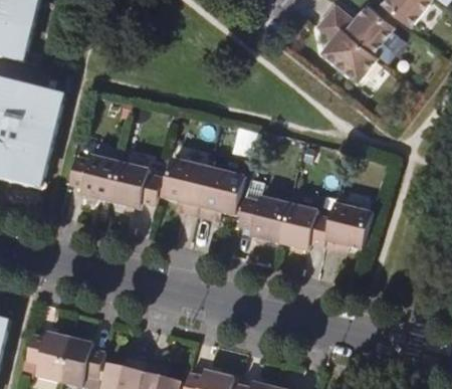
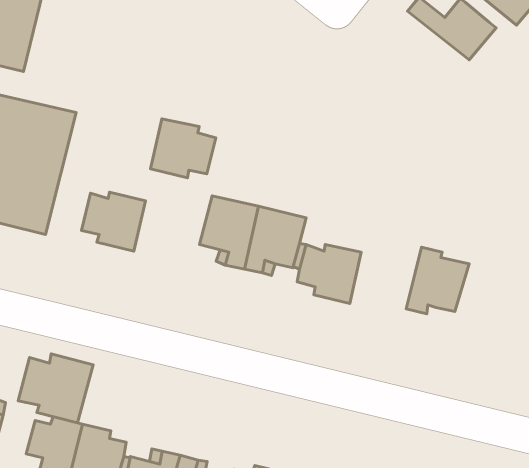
building: [315,14,377,81] -> none
building: [110,163,162,209] -> [150,119,216,178]
building: [279,203,330,250] -> none
building: none -> [18,354,93,423]

